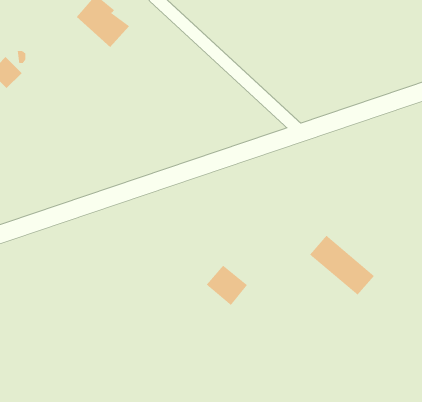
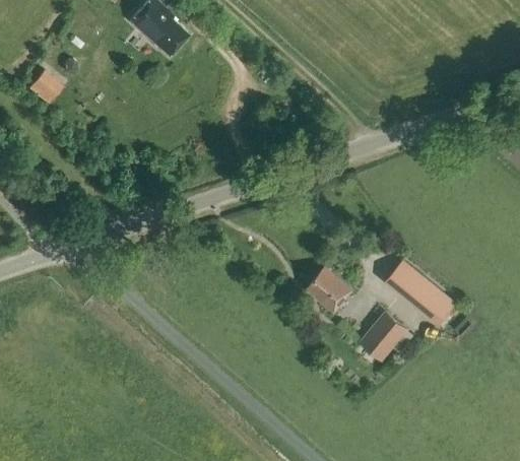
building: [206,265,248,306] -> [307,267,352,312]
building: none -> [359,311,407,360]

